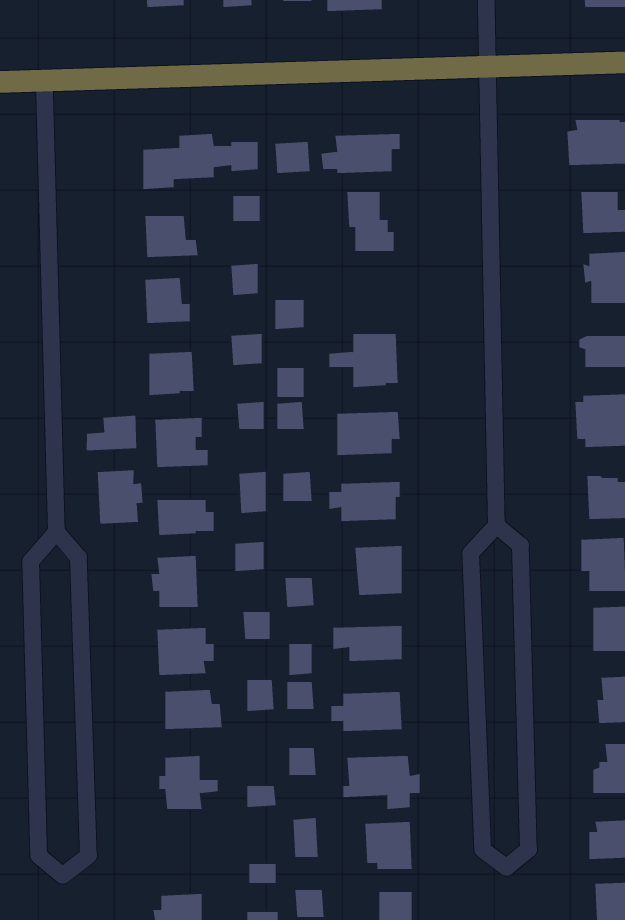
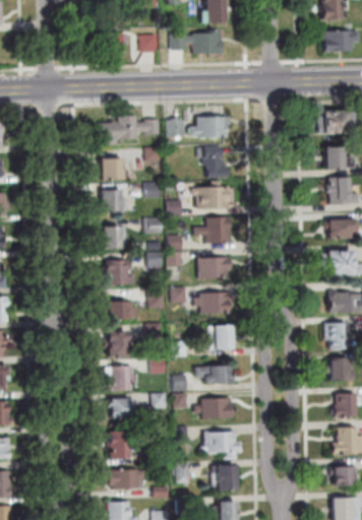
building: none -> [192,187,234,208]
building: [86,415,137,451] -> none
building: [97,470,143,524] -> none
building: none -> [109,470,144,490]

